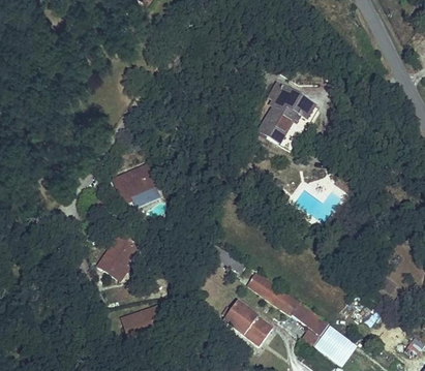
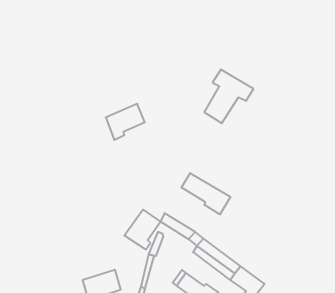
building: [115,162,158,203] -> [106,104,145,140]
building: none -> [181,173,230,214]
building: [100,235,141,279] -> [124,210,161,249]

